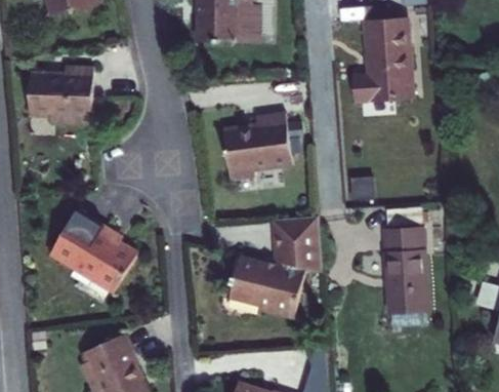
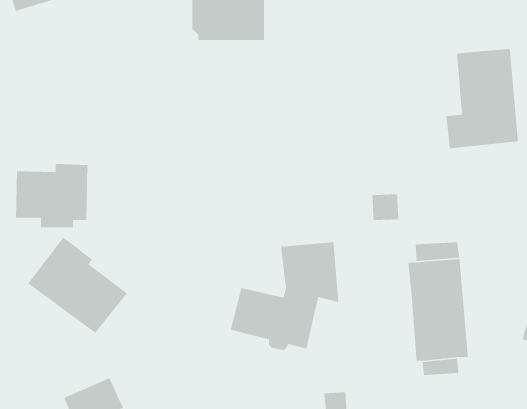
building: [351,21,414,107] -> [446,48,519,149]
building: [38,65,100,120] -> [15,163,88,228]
building: [223,118,292,185] -> none

